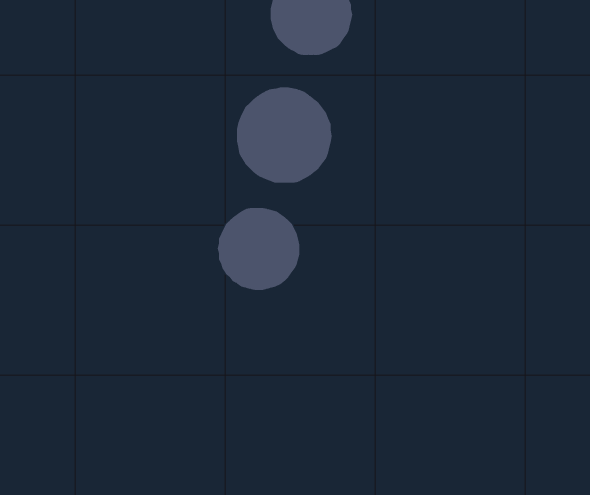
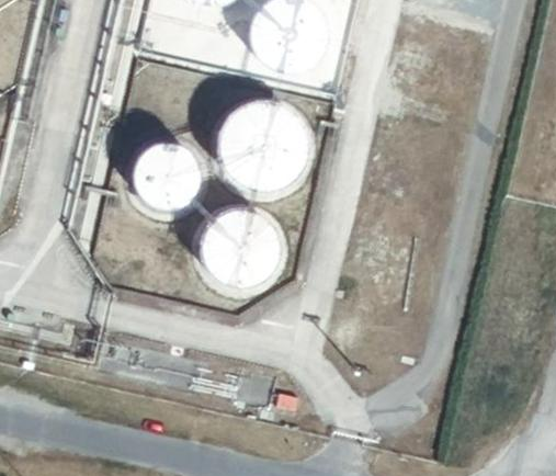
building: none -> [132,139,197,205]

